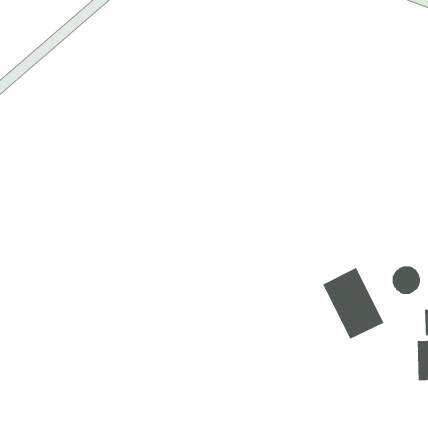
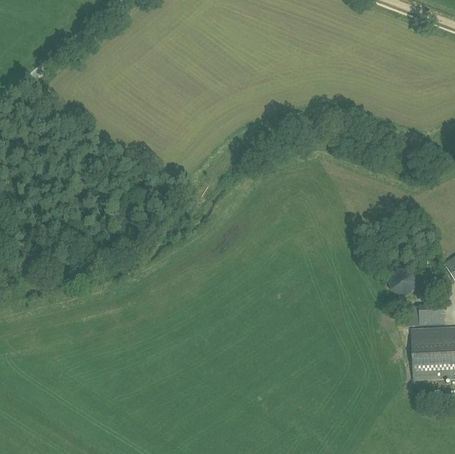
building: [322,267,385,340] -> none

